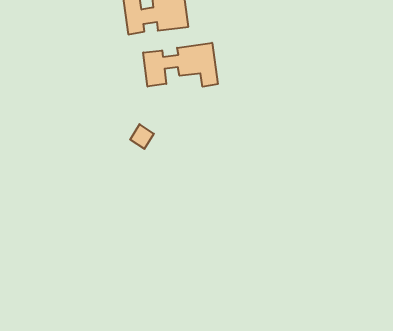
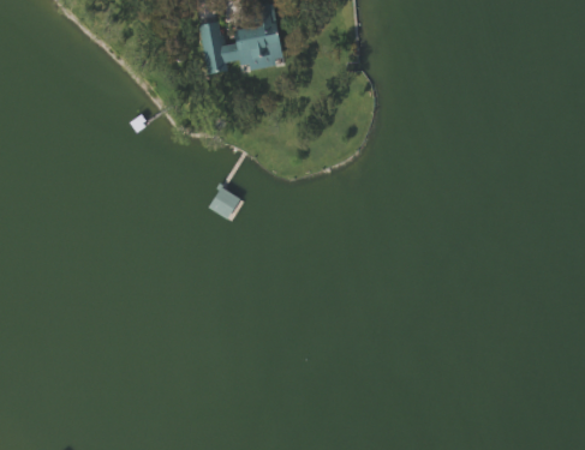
building: [143,43,218,87] -> none

